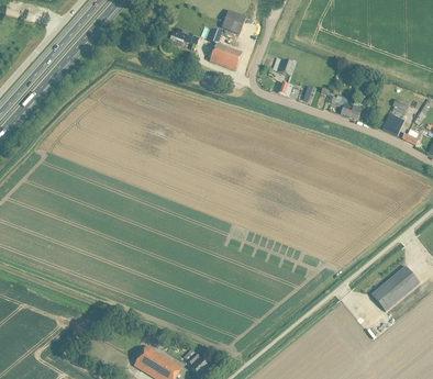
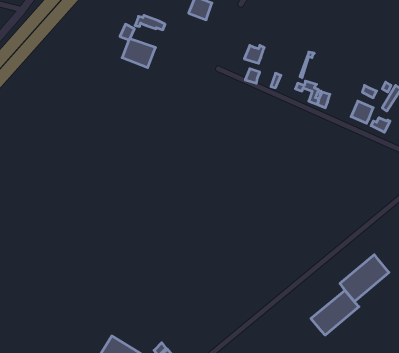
building: [207,27,242,70] -> [120,24,156,68]
building: none -> [311,290,359,335]

